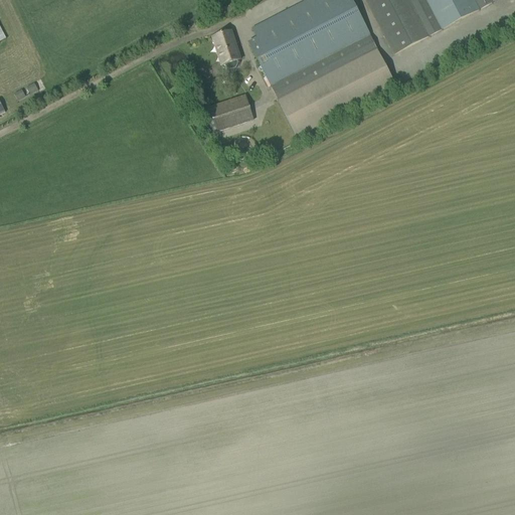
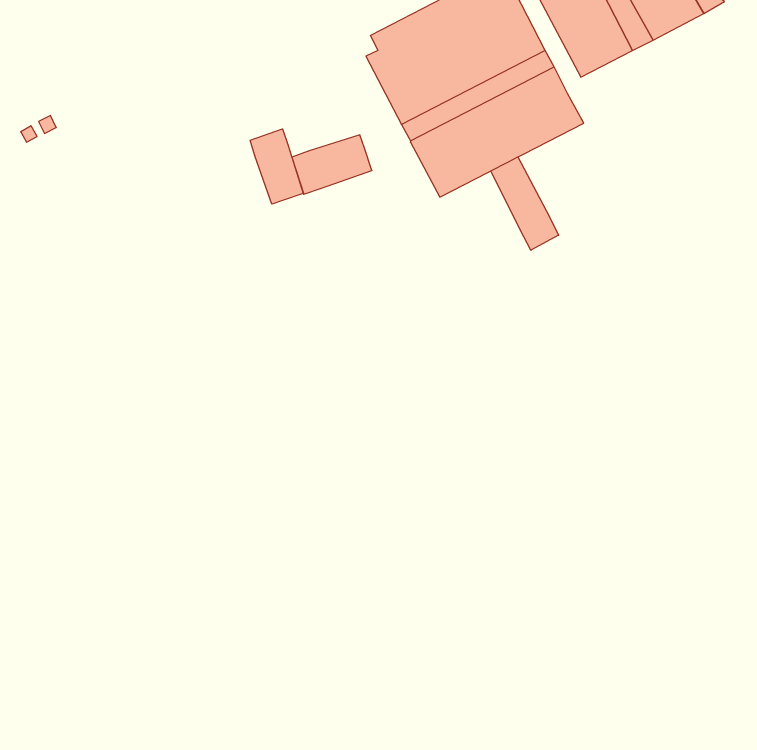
building: [212,27,240,66] -> none
building: none -> [250,129,303,204]
building: none -> [491,157,559,250]

